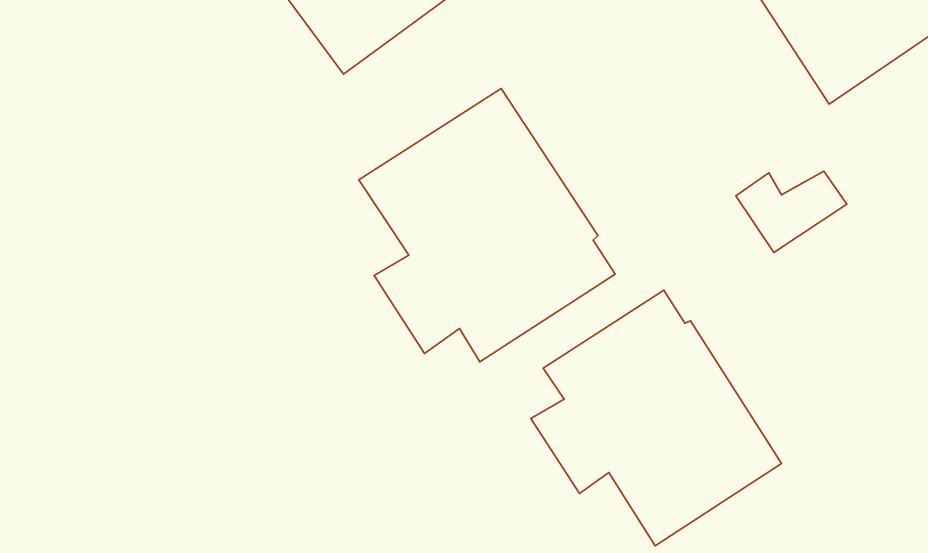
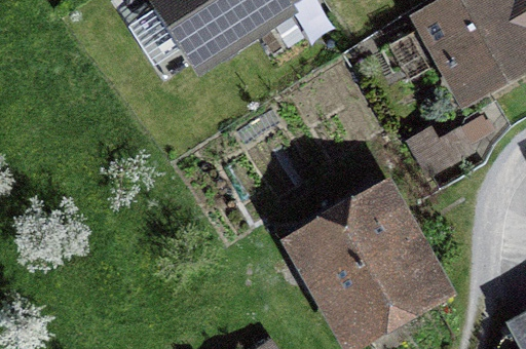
building: [359,88,615,362] -> none

